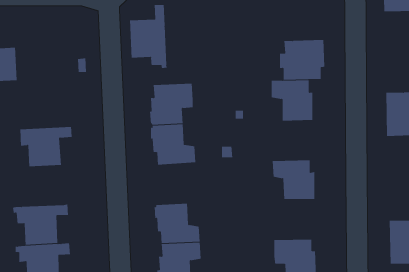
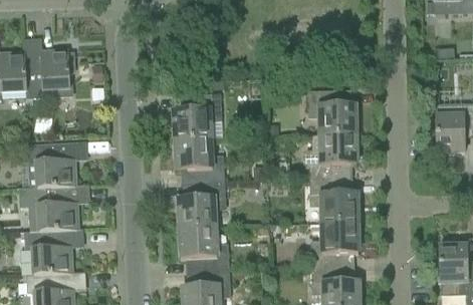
building: [129,4,167,69] -> none
building: none -> [23,39,74,101]
building: [279,40,325,80] -> [305,134,357,180]
building: none -> [177,182,226,229]
building: none -> [20,185,89,231]
building: none -> [311,223,359,268]

